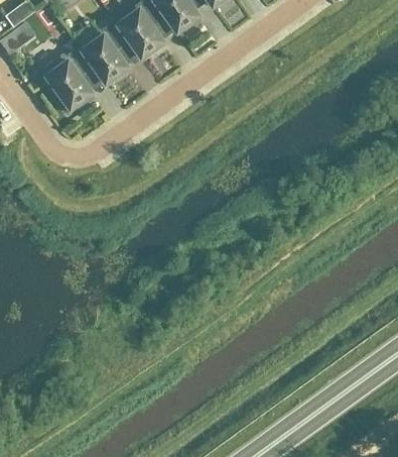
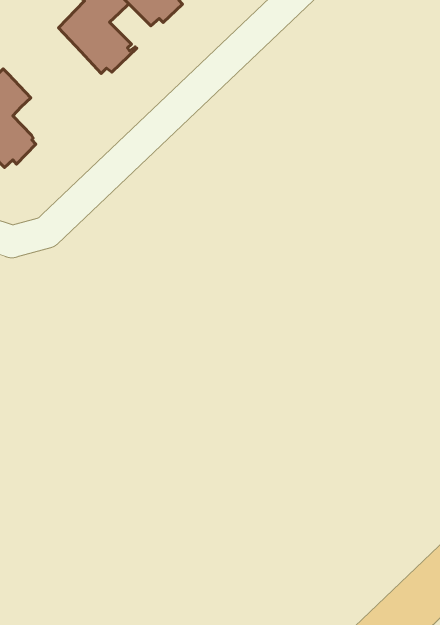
building: [81,20,129,83] -> none

